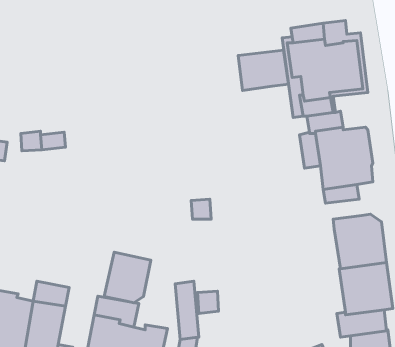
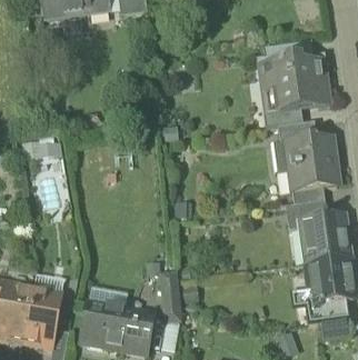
building: [238,50,289,91] -> none
building: none -> [286,198,327,227]
building: [104,252,151,303] -> none

